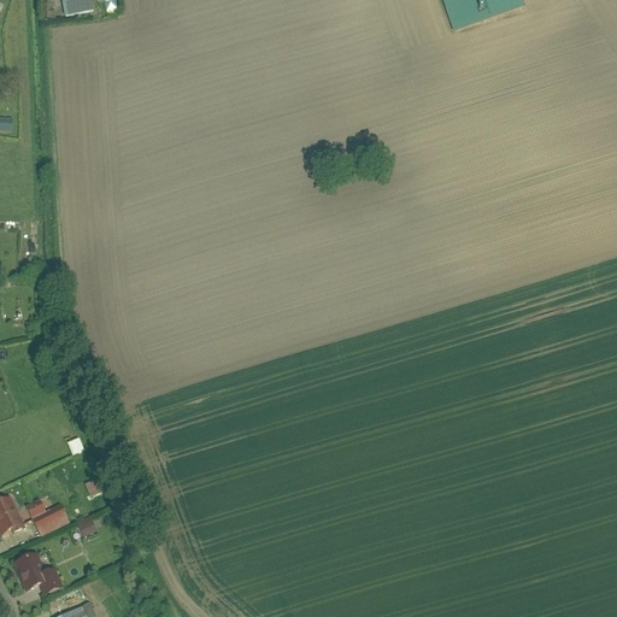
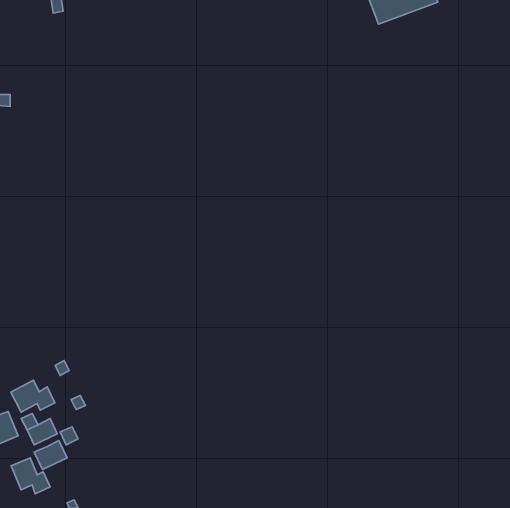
building: none -> [11,380,55,412]
building: none -> [34,441,67,470]

